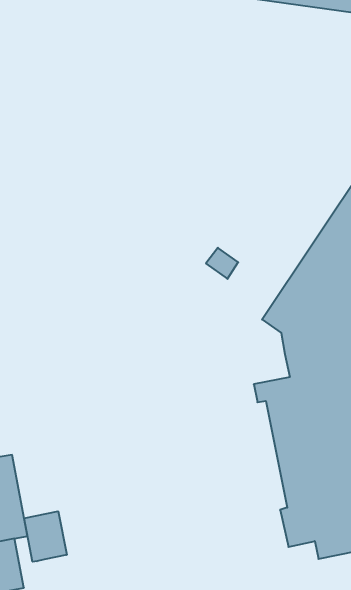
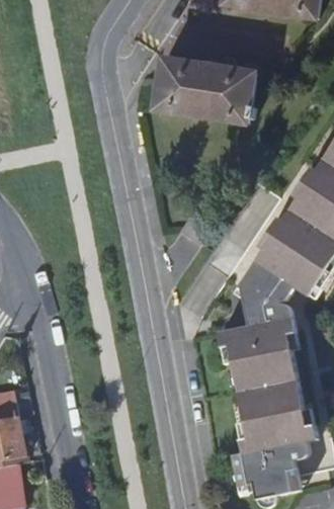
building: none -> [154,61,253,125]
building: [24,511,67,562] -> none

